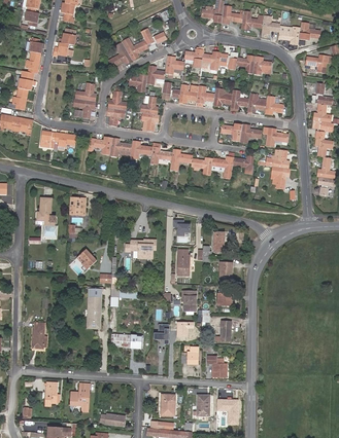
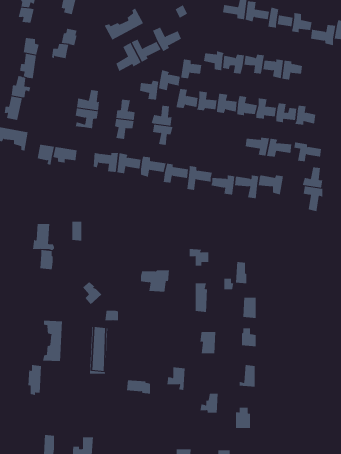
building: none -> [104,7,144,40]
building: none -> [42,320,63,362]

